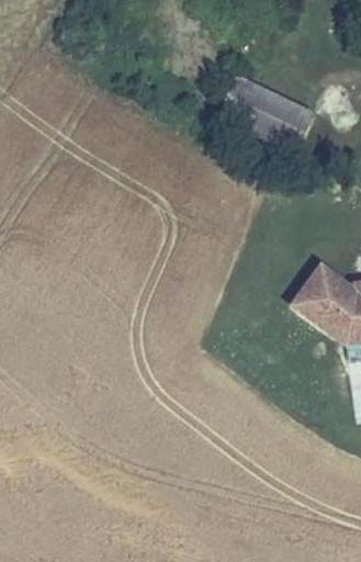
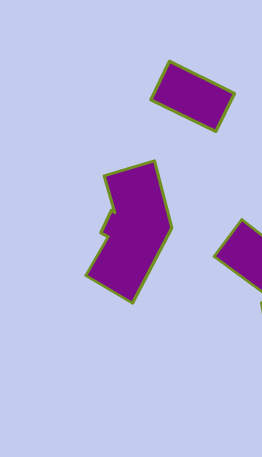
building: none -> [86,161,172,303]

